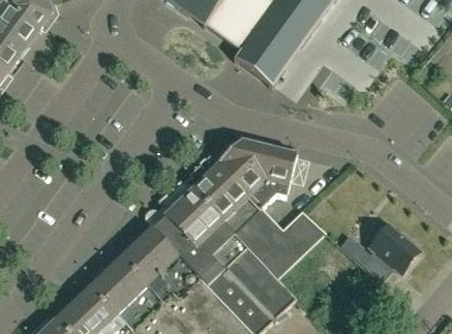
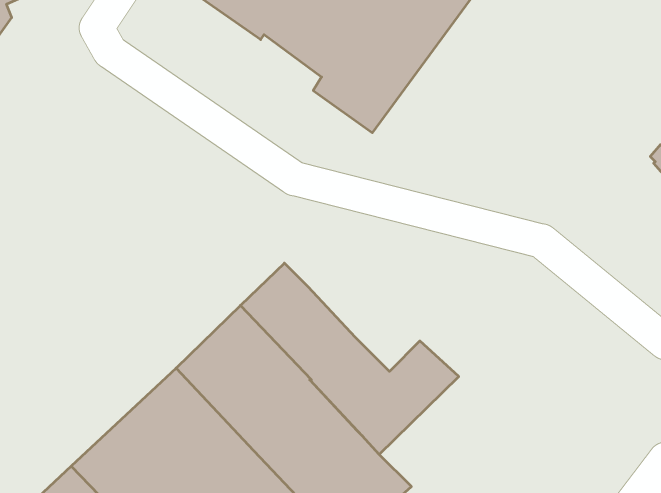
building: [218,141,296,208] -> none
building: [339,224,422,282] -> none

